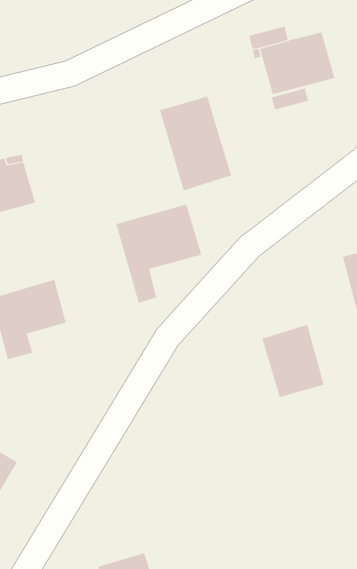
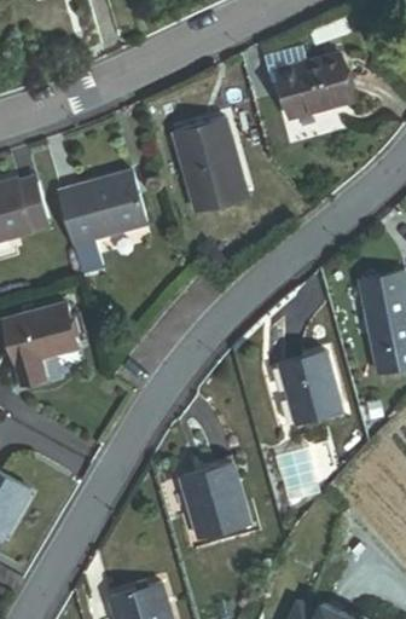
building: [116,204,202,303] -> [59,170,147,272]
building: none -> [180,458,246,536]

